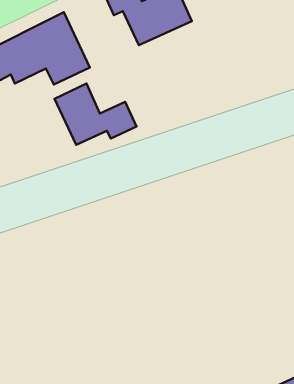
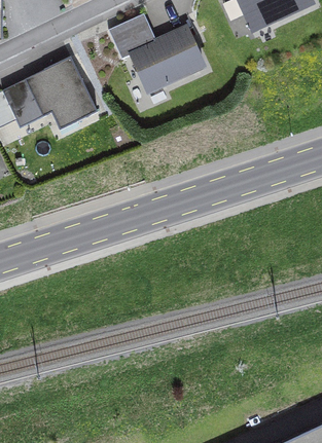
building: [54,83,136,145] -> none

